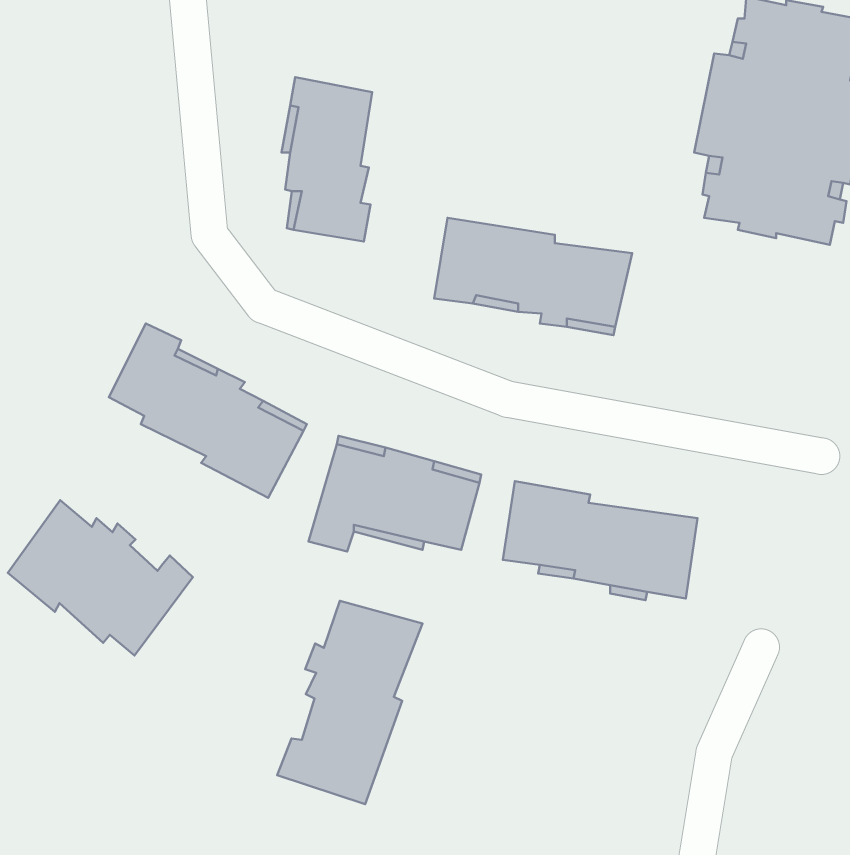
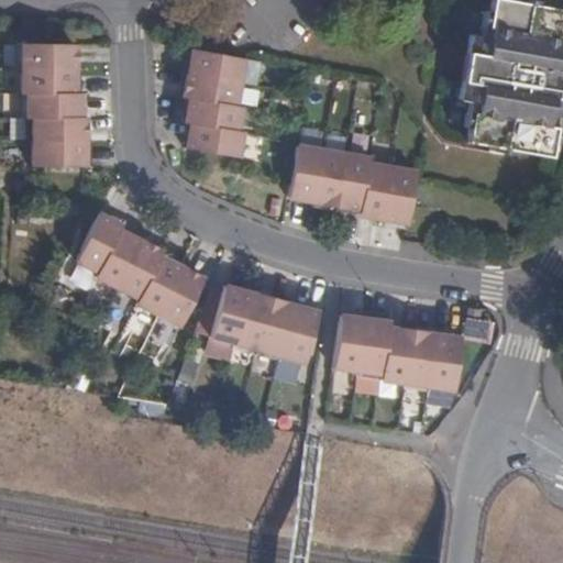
building: none -> [26,40,89,163]
building: [8,500,193,655] -> none
building: [277,601,423,804] -> none

